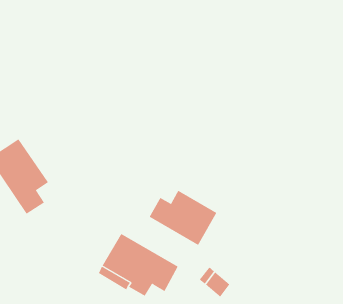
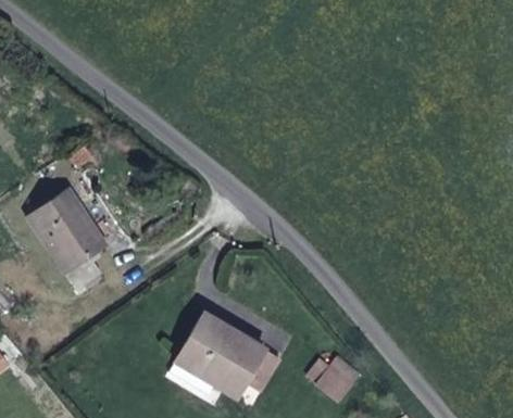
building: [149,190,217,246] -> none

